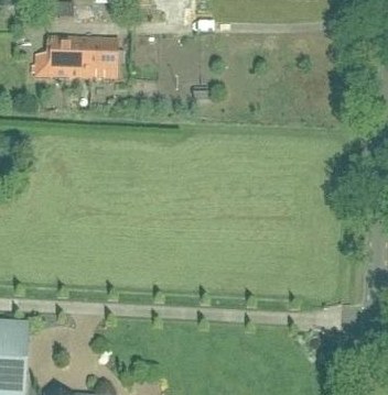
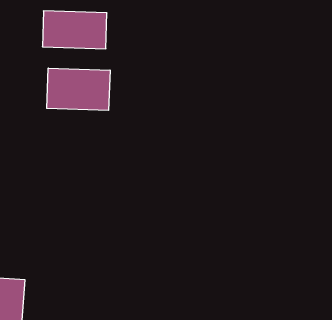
building: none -> [47,68,110,110]

